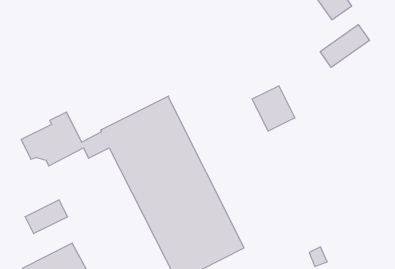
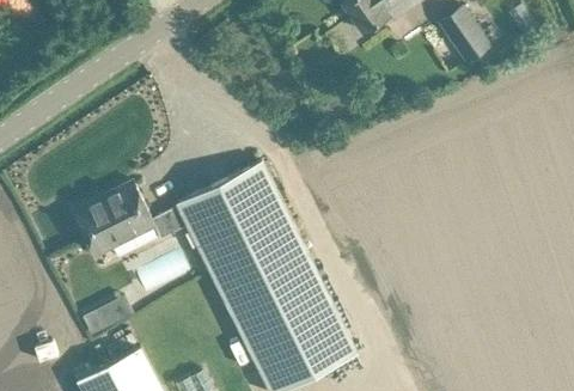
building: [320,25,369,67] -> none
building: [252,86,295,131] -> none

